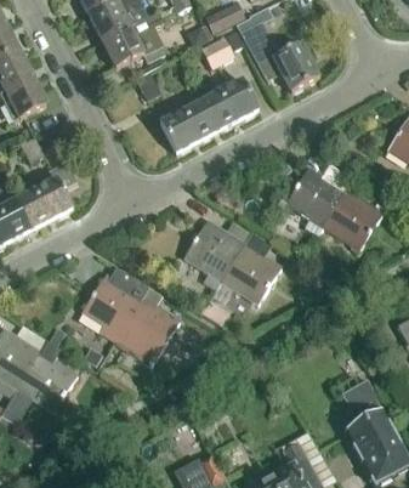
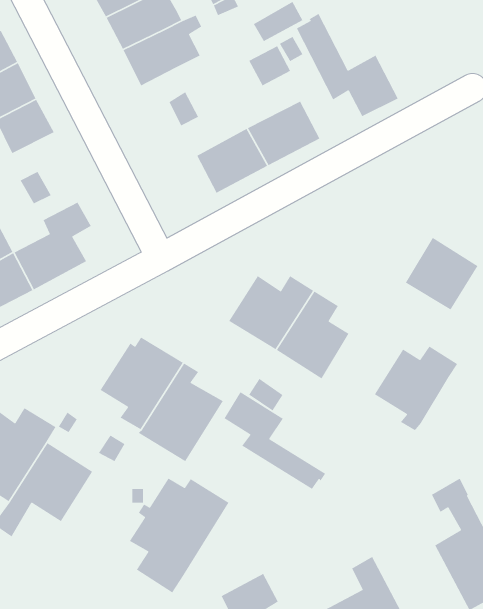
building: [286,163,353,231] -> [374,345,458,431]
building: none -> [224,391,326,490]
building: none -> [129,477,230,593]

